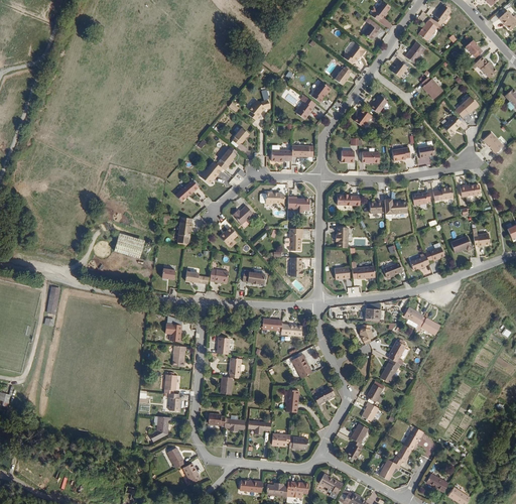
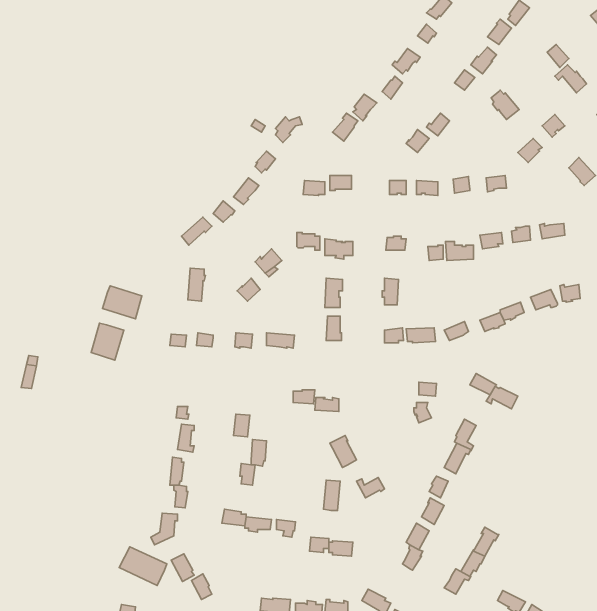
building: none -> [91,323,124,360]
building: none -> [119,547,167,586]

